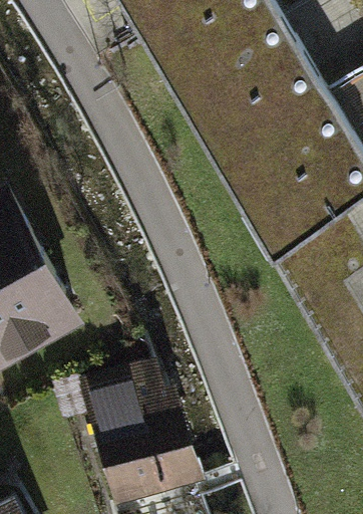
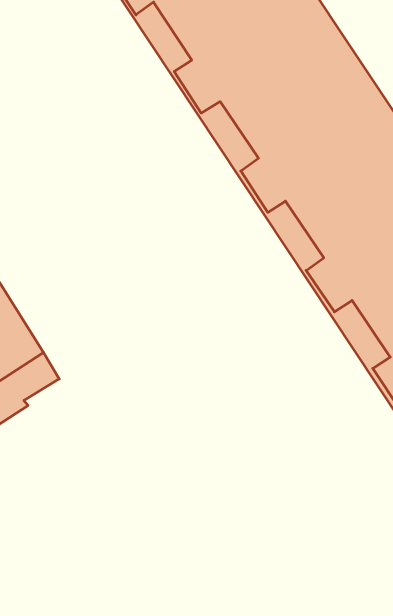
building: [86,374,191,497] -> none

